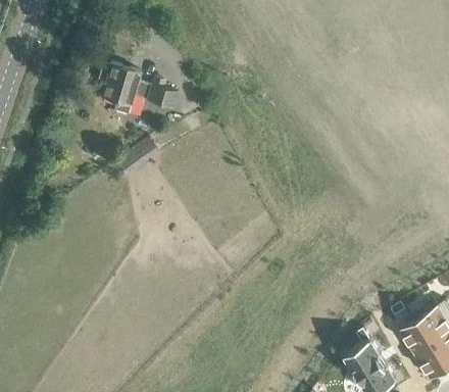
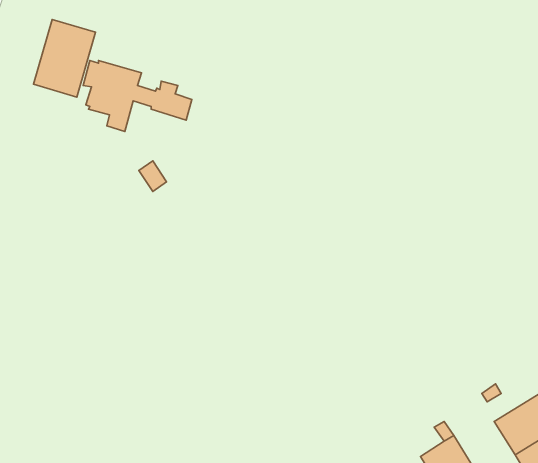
building: none -> [33,19,95,97]

